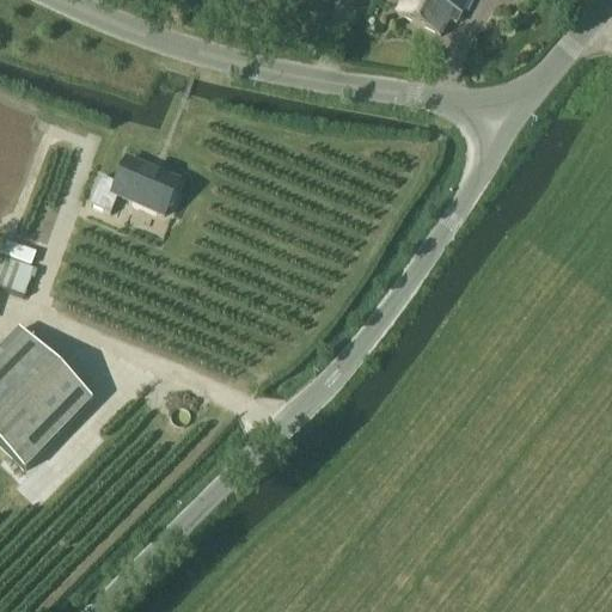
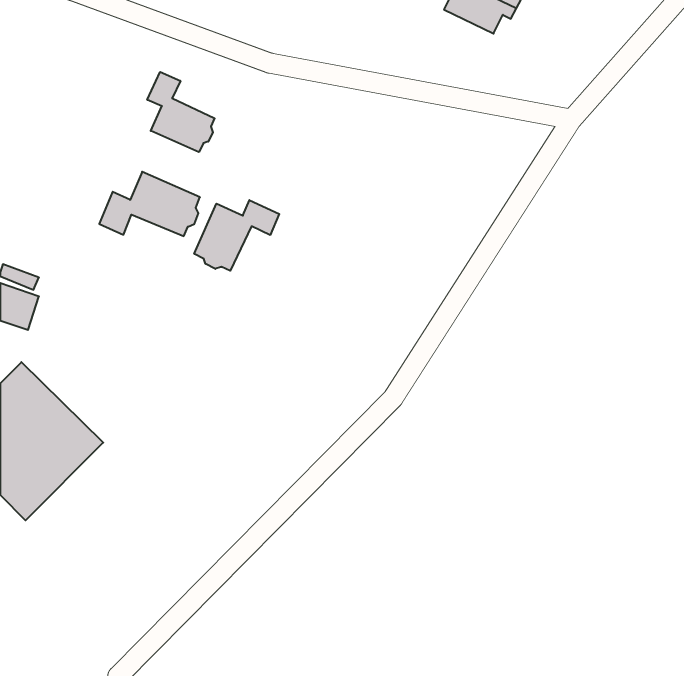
building: none -> [147,72,215,152]
building: none -> [194,200,279,271]

